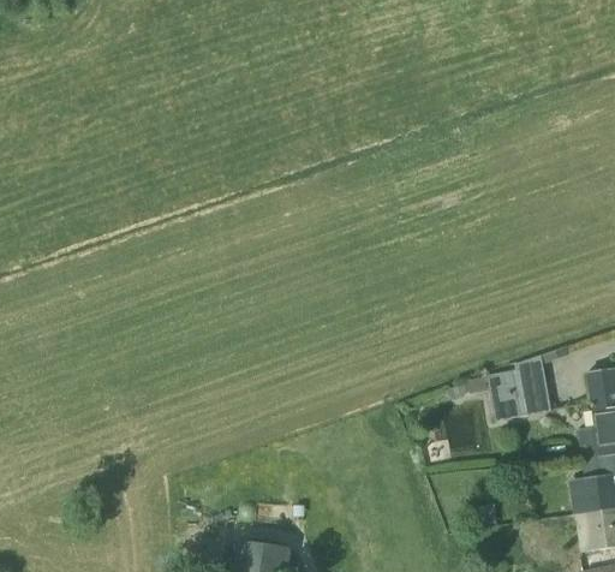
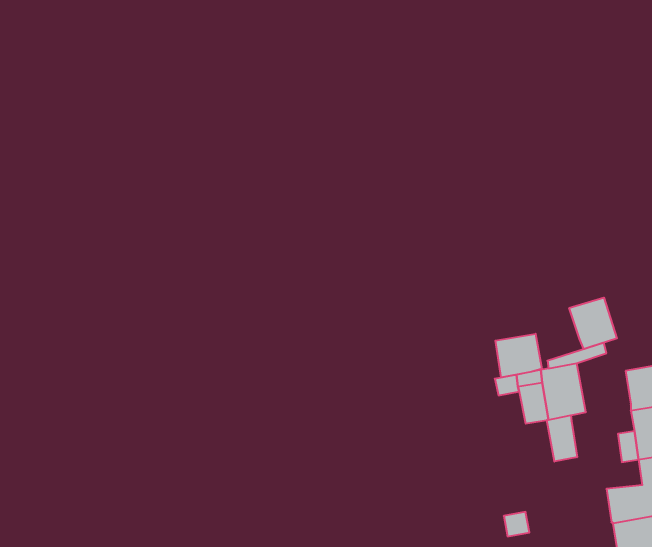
building: none -> [569,298,617,349]
building: none -> [495,334,542,377]
building: none -> [547,415,577,462]

